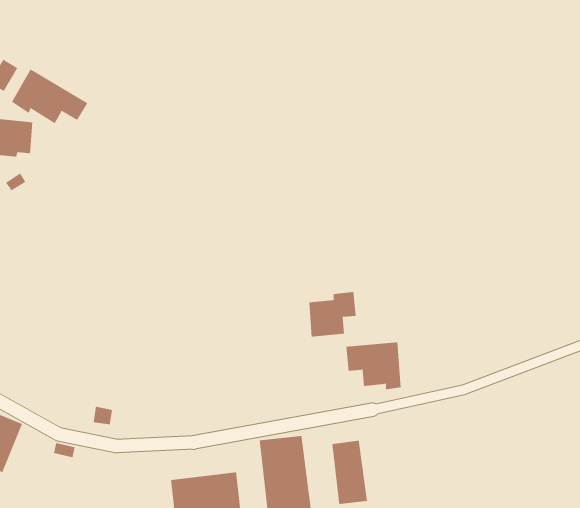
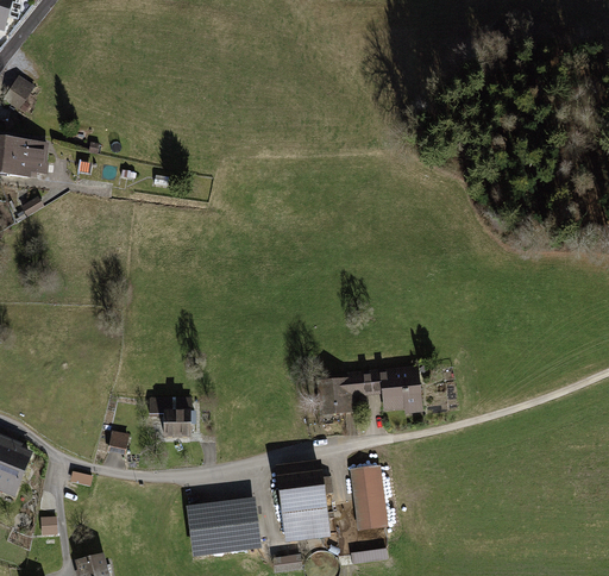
building: [11,68,88,124] -> none
building: [308,292,356,337] -> [318,370,366,417]
building: none -> [146,395,192,438]

